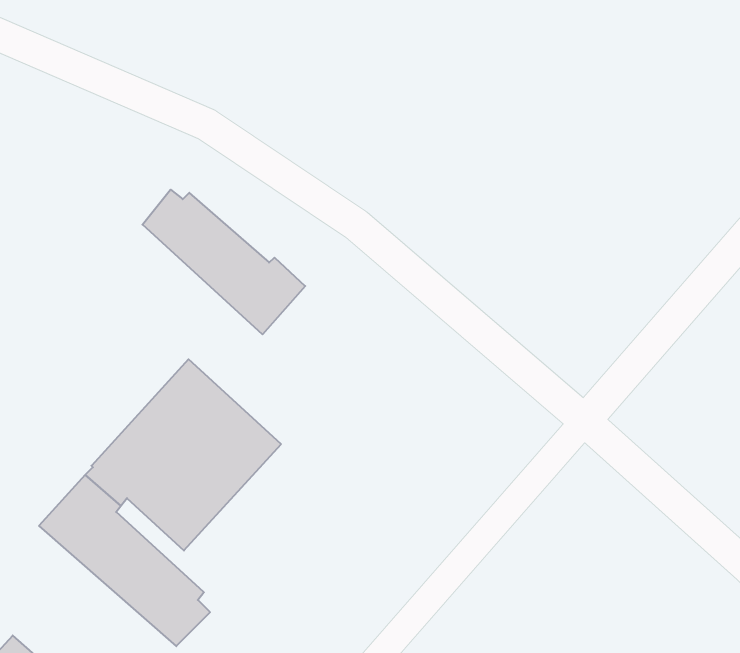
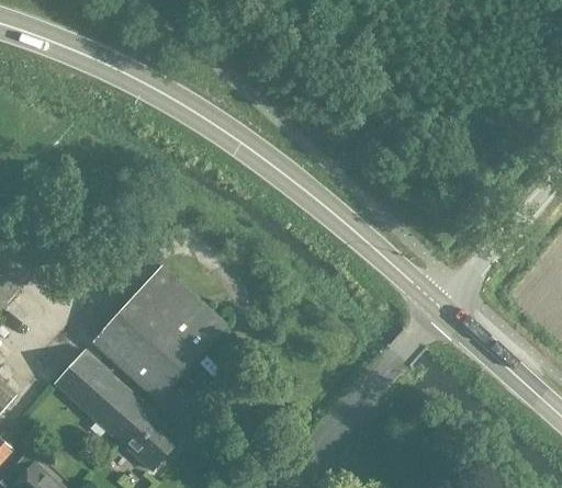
building: [142,190,305,334] -> none

